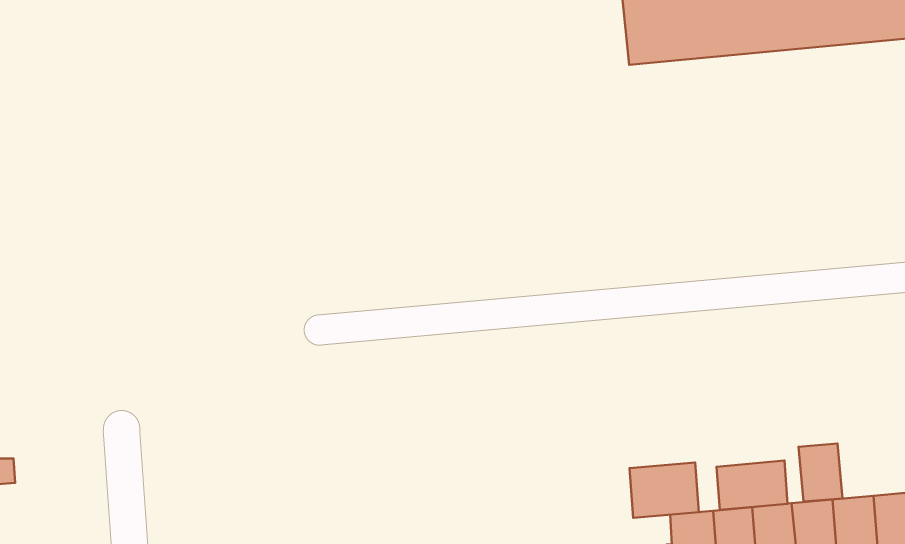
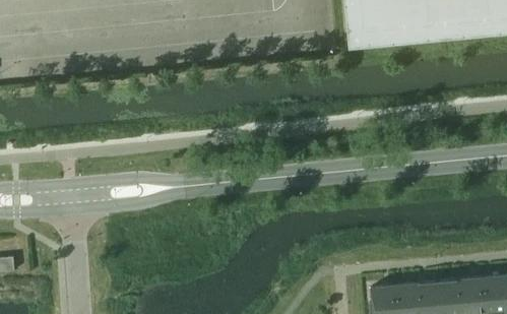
building: [798,444,842,502] -> none
building: [717,461,788,510] -> none
building: [630,462,699,518] -> none

